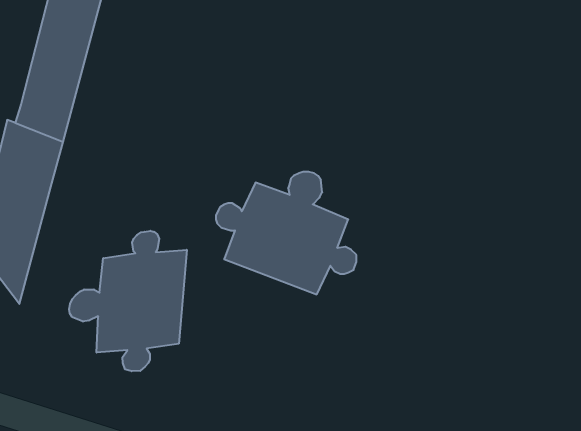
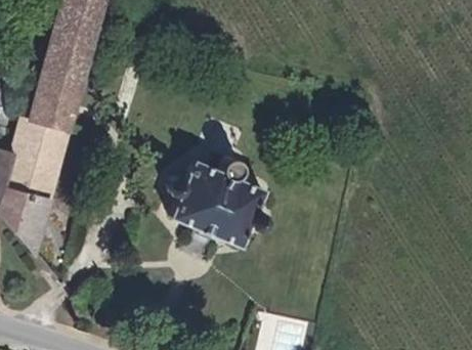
building: [69,231,187,371] -> none

